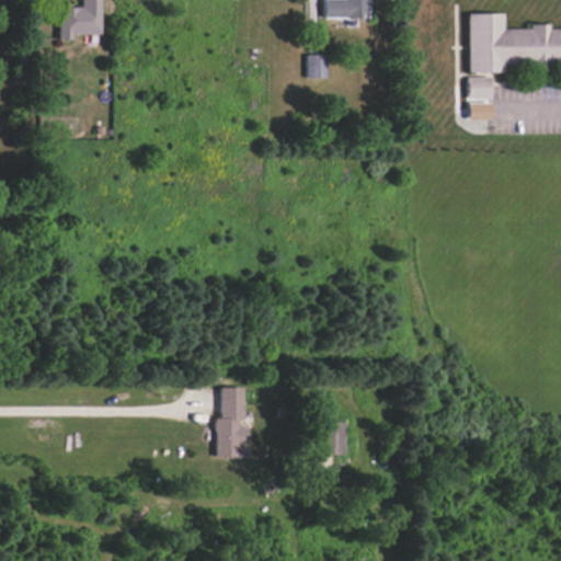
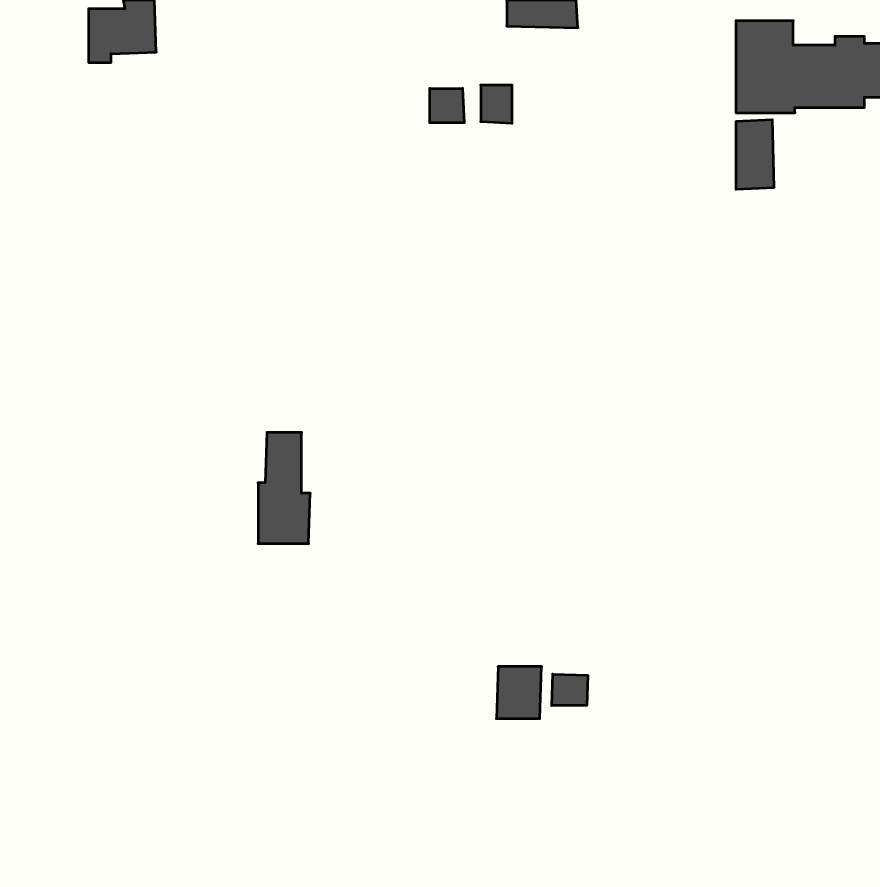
building: none -> [430,88,464,123]
building: [217,387,250,457] -> [258,432,310,544]
building: none -> [552,674,588,706]

